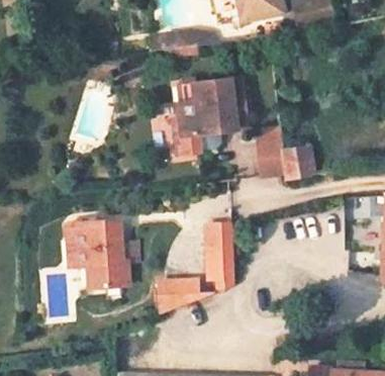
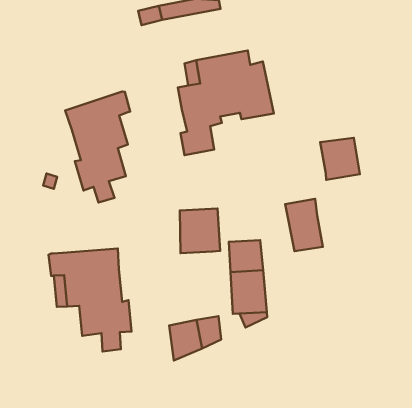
building: none -> [65,91,130,202]
building: [258,137,285,177] -> [285,199,323,251]
building: none -> [180,208,220,253]

